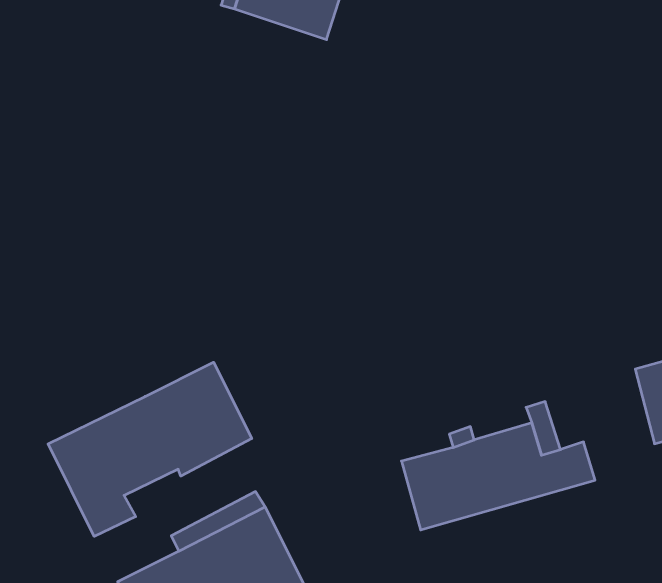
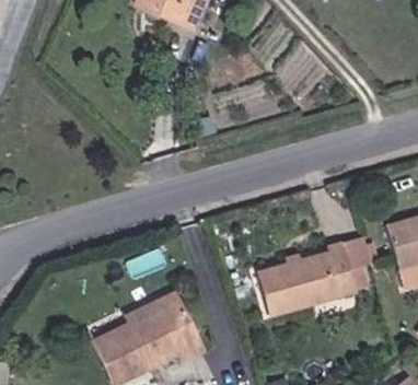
building: [48,362,252,536] -> none

